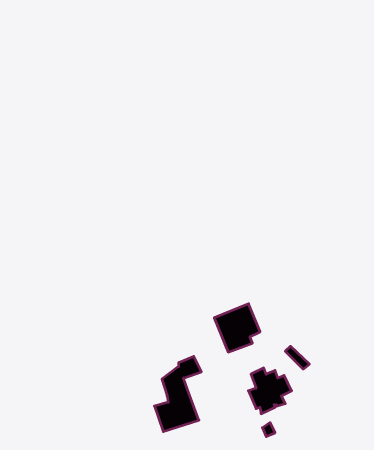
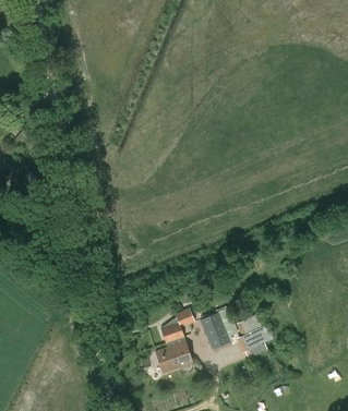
building: [214,304,260,352] -> [197,309,237,350]

